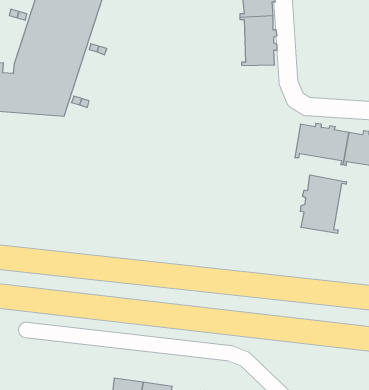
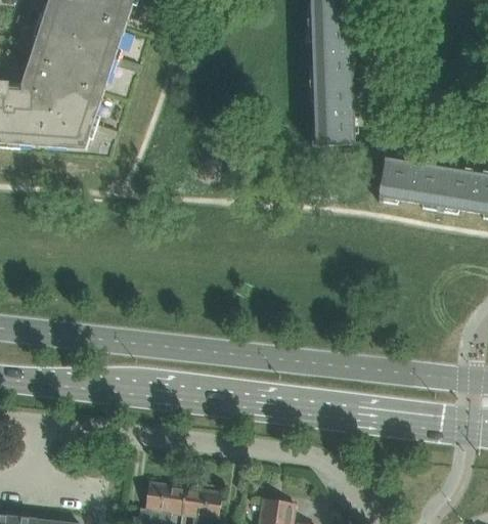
building: none -> [309,84,356,146]
building: [300,175,346,233] -> none

